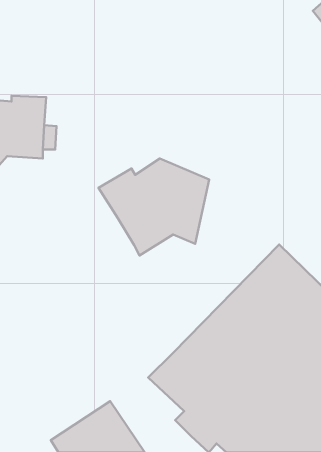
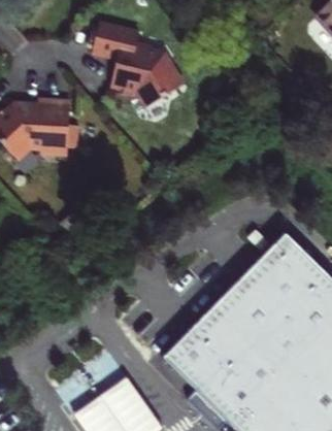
building: none -> [94,18,186,103]
building: [99,158,209,255] -> none

